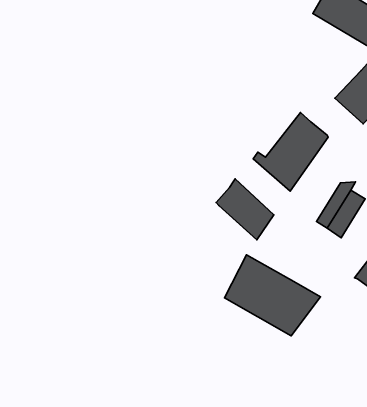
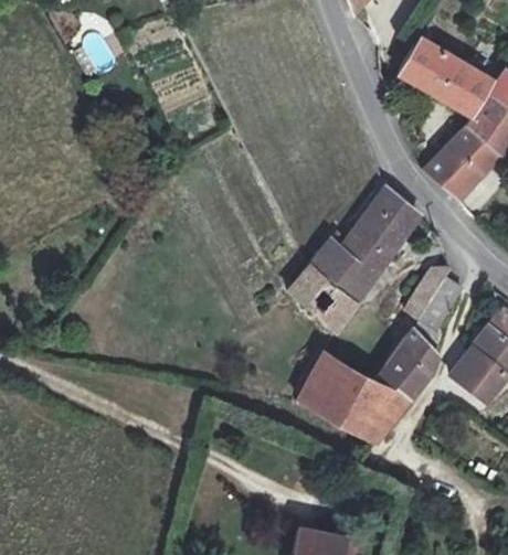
building: none -> [309,237,373,305]
building: none -> [378,332,435,399]

